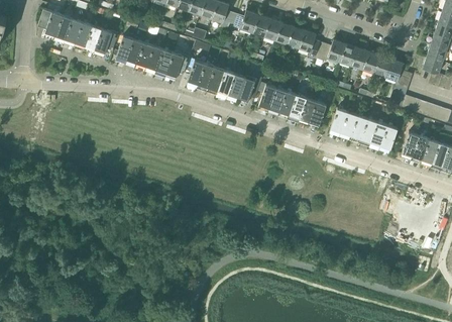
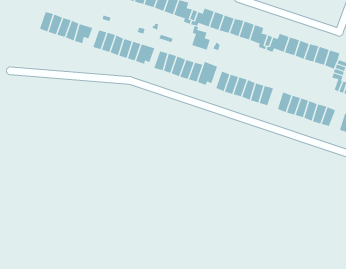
building: [39,9,63,35] -> none
building: none -> [192,25,210,51]

